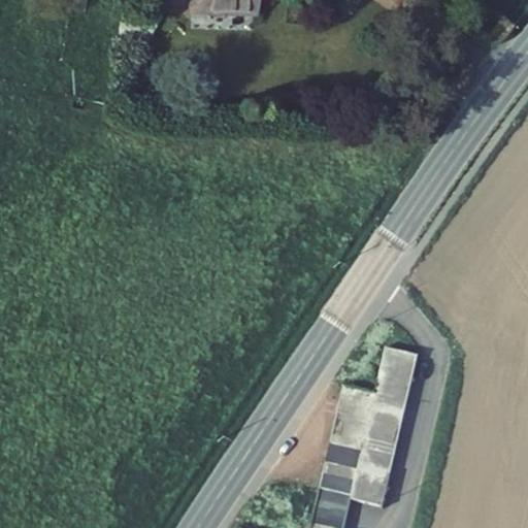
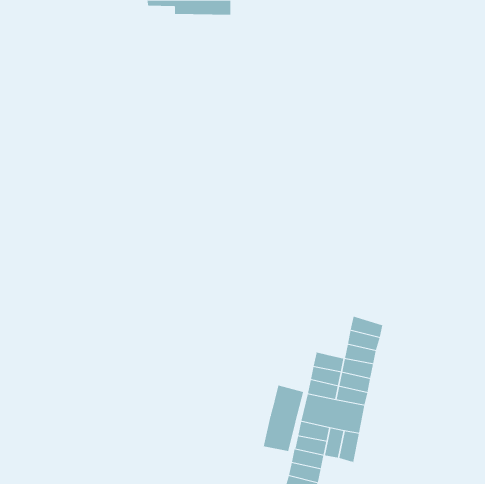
building: none -> [263,385,304,452]

